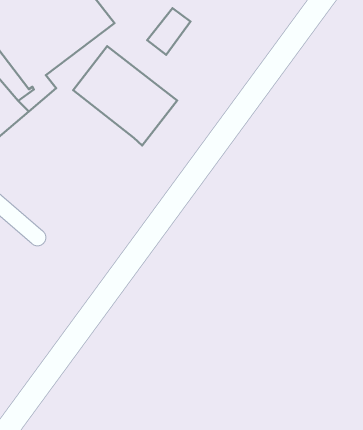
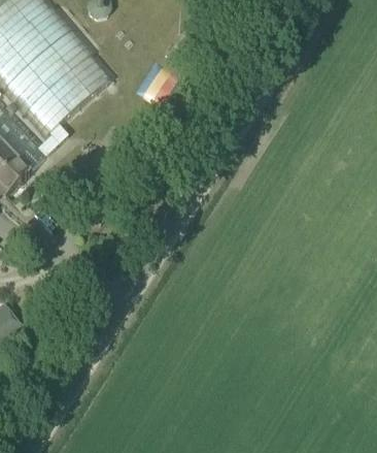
building: [73,46,177,145] -> none

